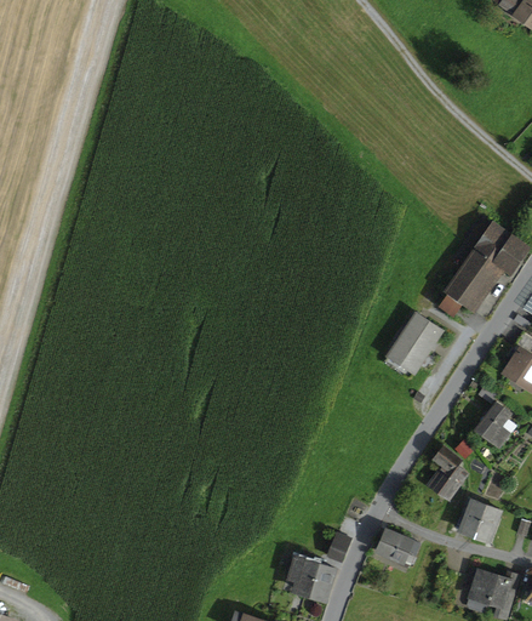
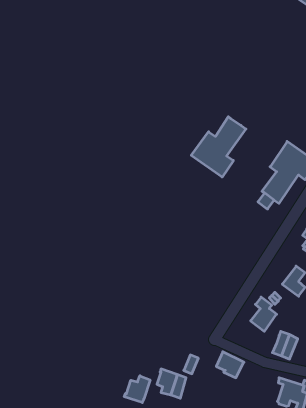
building: none -> [191,117,246,177]
building: [383,315,441,381] -> none
building: none -> [124,376,150,403]

